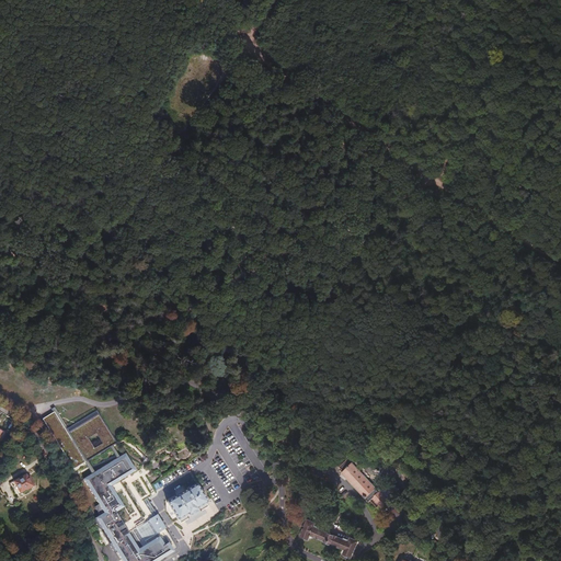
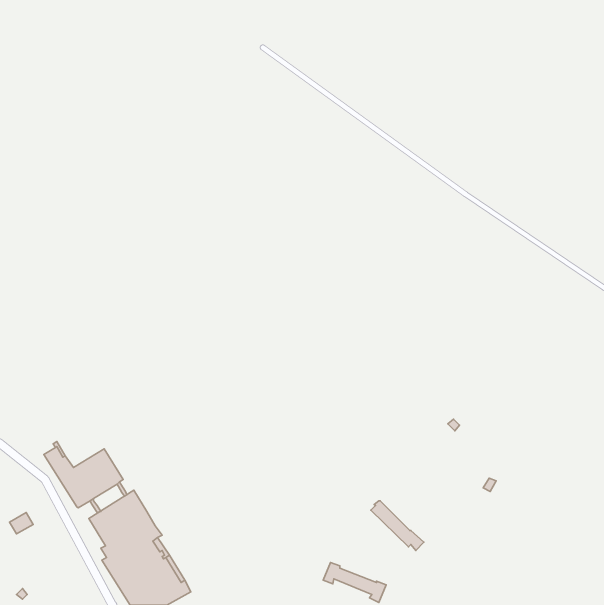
building: [165,484,205,519] -> none

